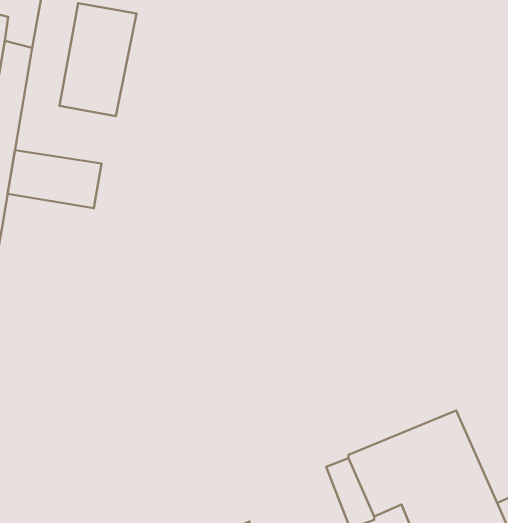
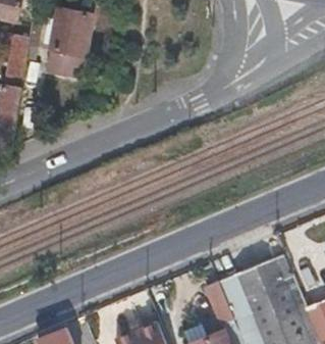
building: [8,150,102,208] -> none

